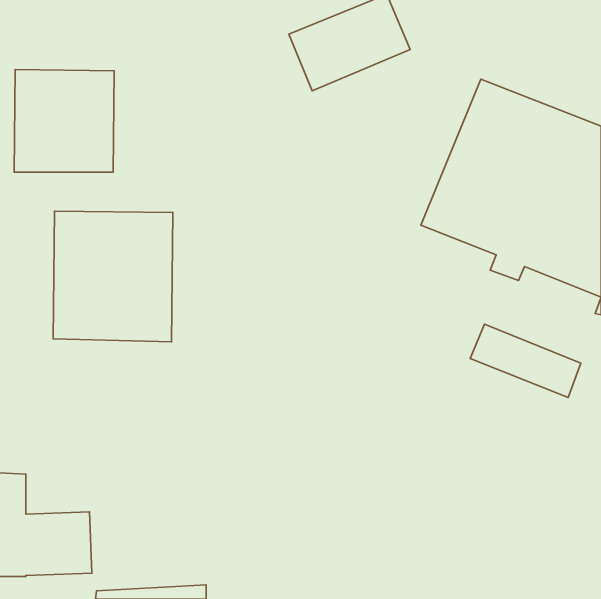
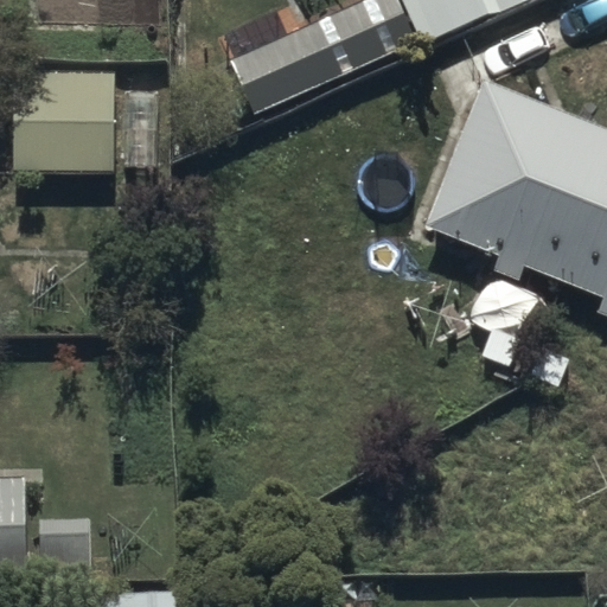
building: [53,211,173,342] -> none

